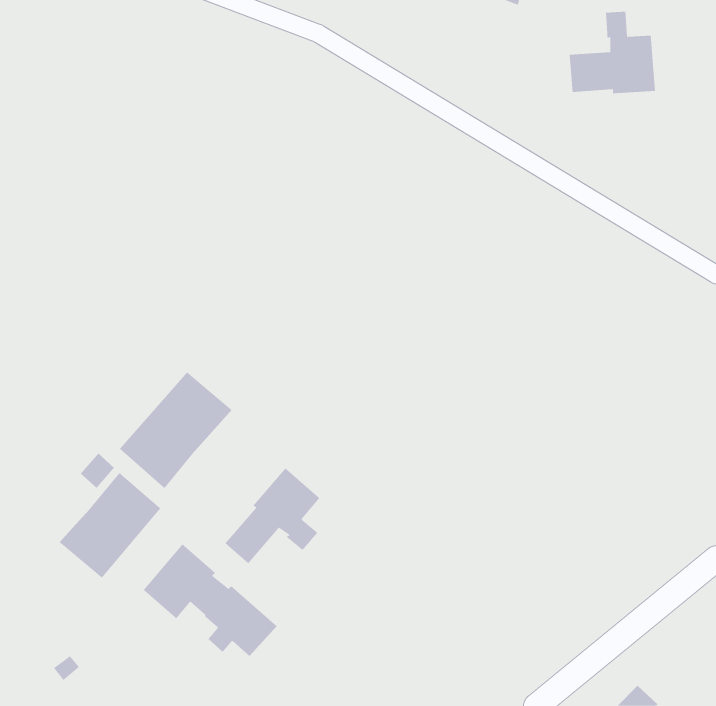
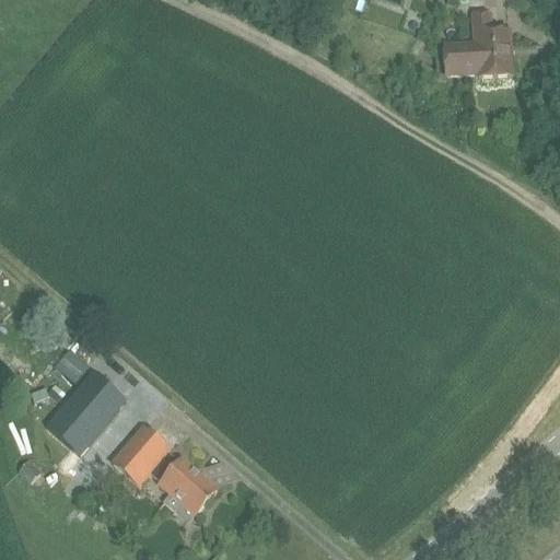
building: [119,371,232,489] -> none
building: [225,467,320,564] -> none

